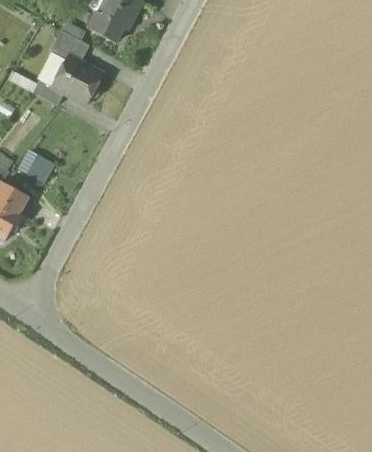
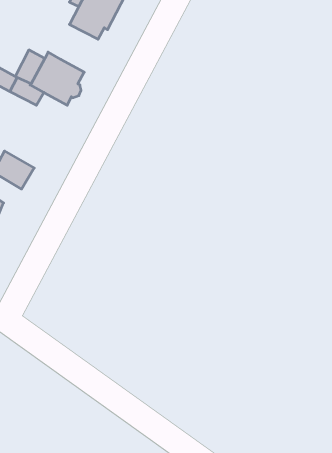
building: [50,30,90,62] -> none

